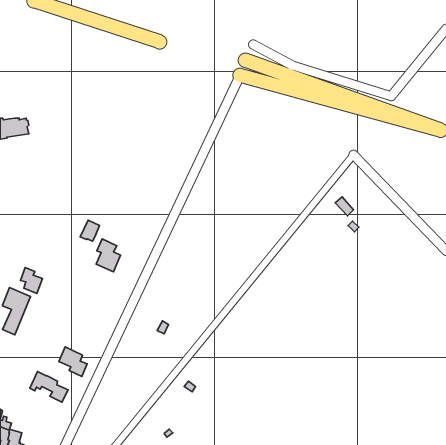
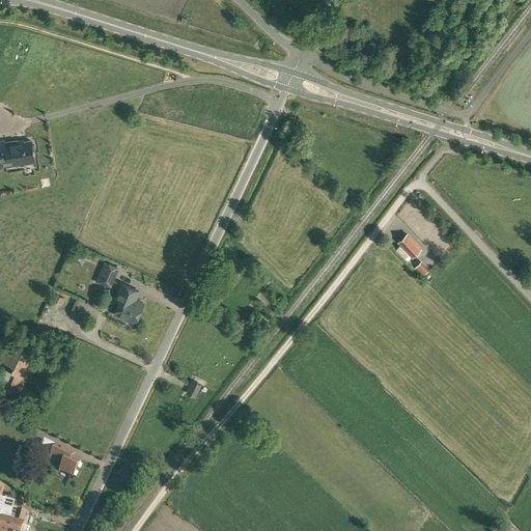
building: [20,268,42,293] -> none
building: [59,347,87,377] -> none

